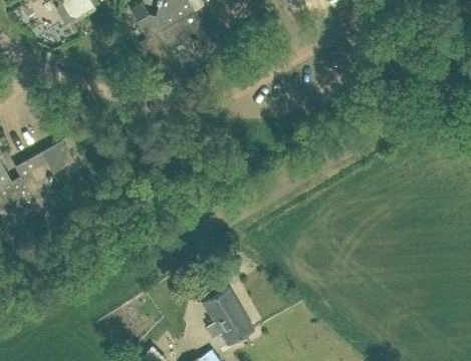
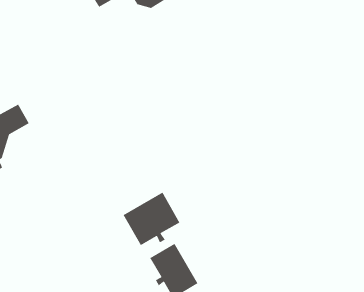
building: none -> [123,191,181,246]

